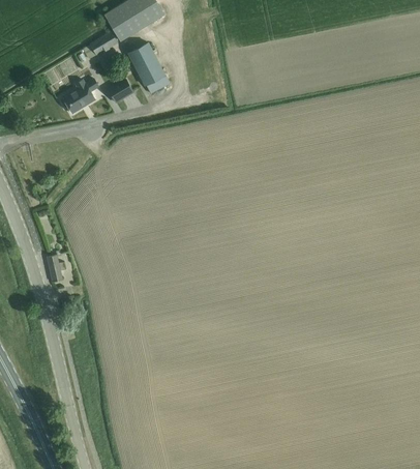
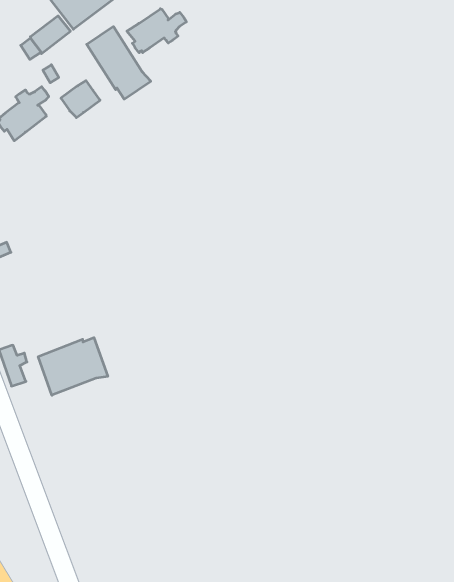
building: none -> [127,9,186,53]
building: none -> [38,338,108,395]

